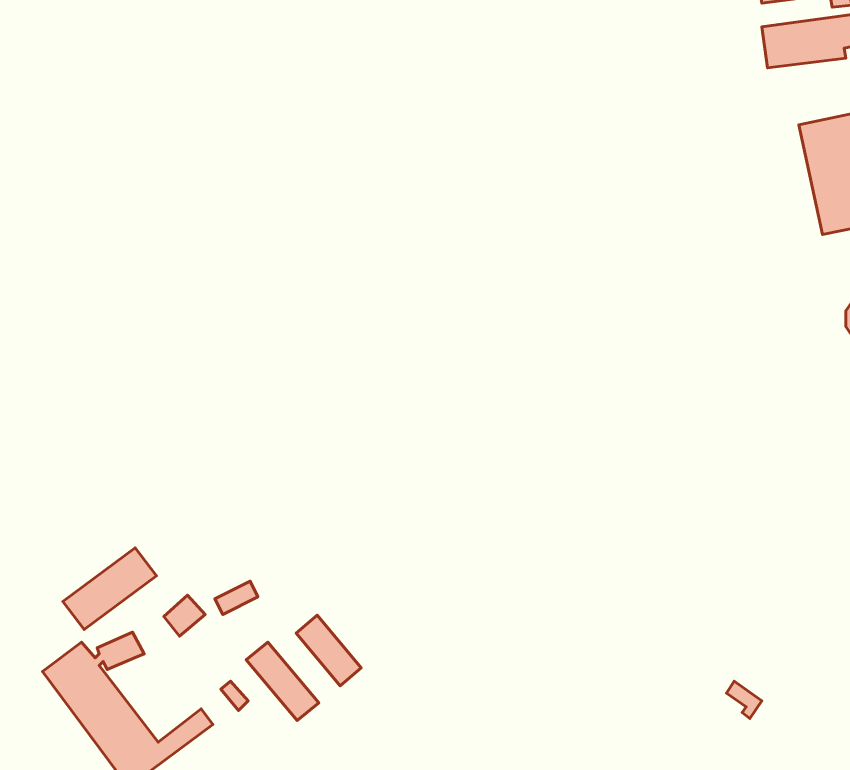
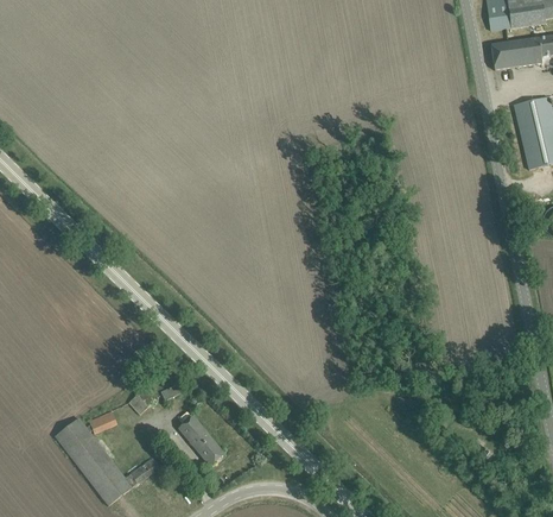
building: [63,548,157,630] -> none
building: [296,615,361,686] -> none

